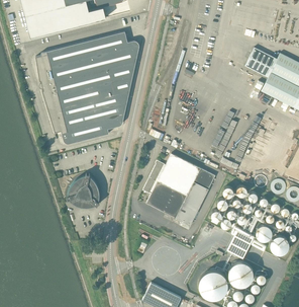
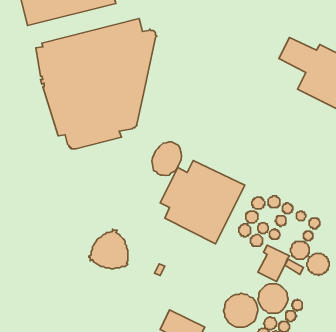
building: none -> [152,142,182,175]
building: [67,172,100,207] -> [89,229,128,269]

